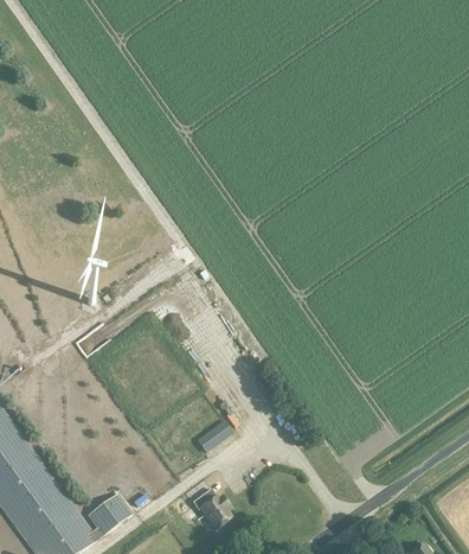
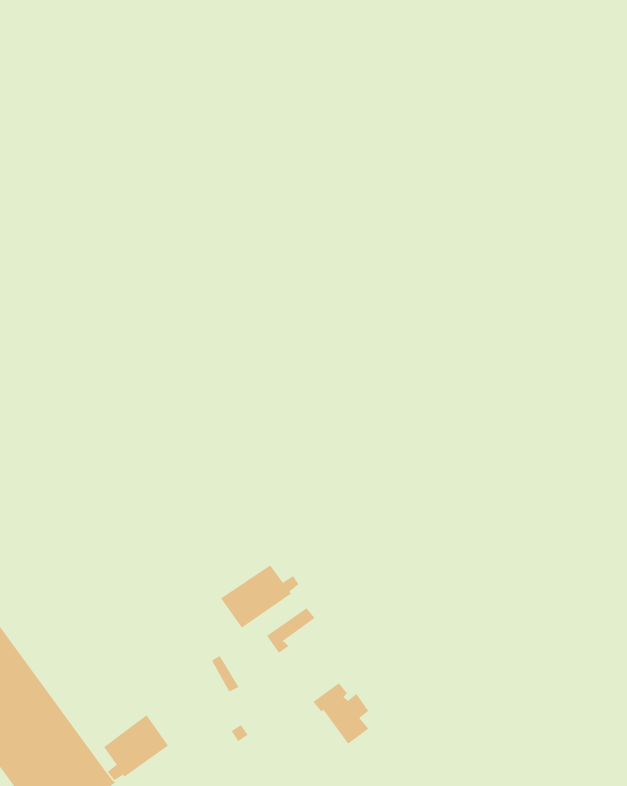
building: none -> [221,564,299,629]
building: [191,488,229,529] -> [312,683,369,744]

